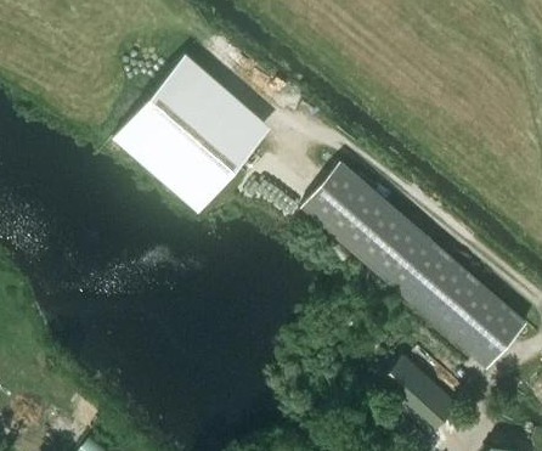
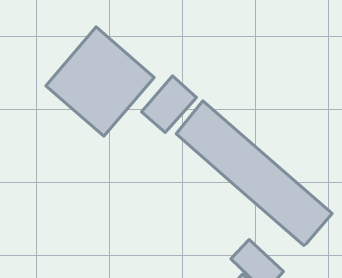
building: none -> [141,76,197,132]

